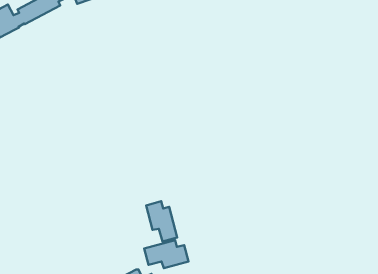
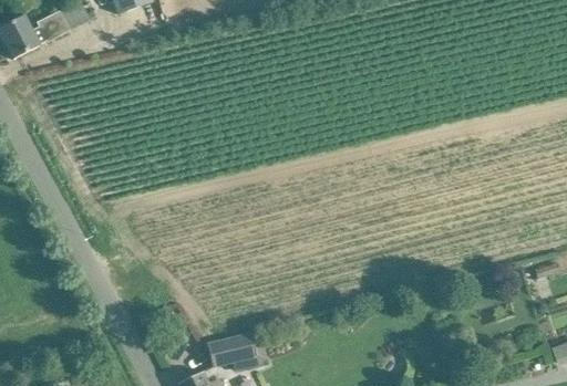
building: [146,201,177,242] -> none

